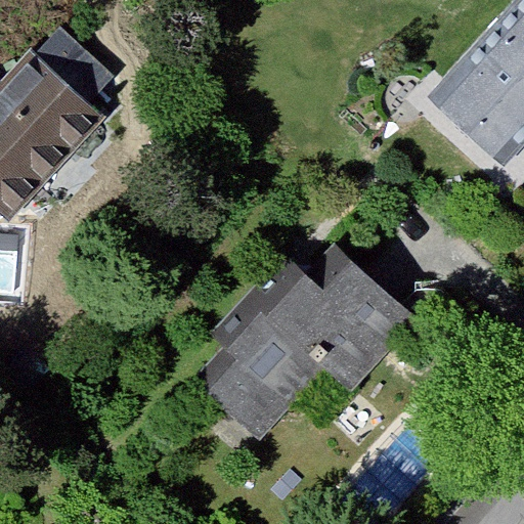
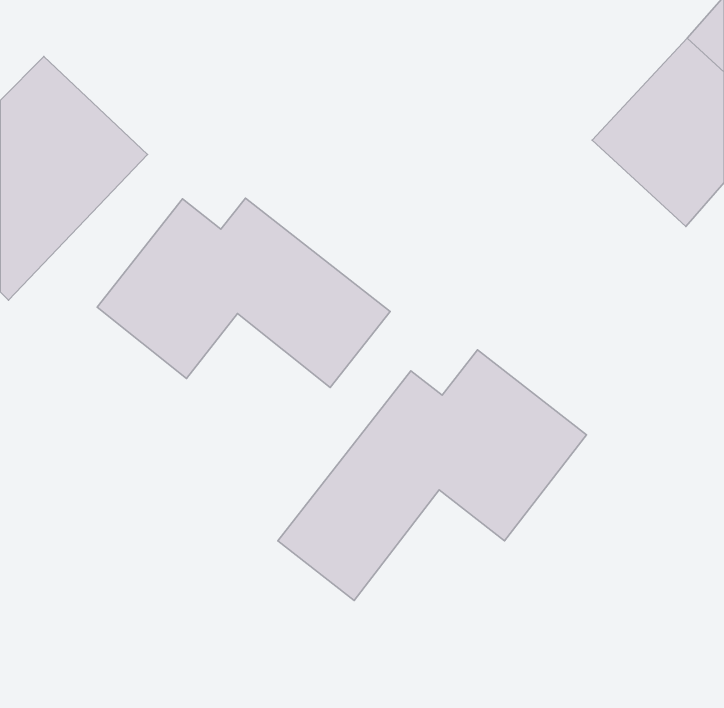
building: none -> [97,198,390,388]

